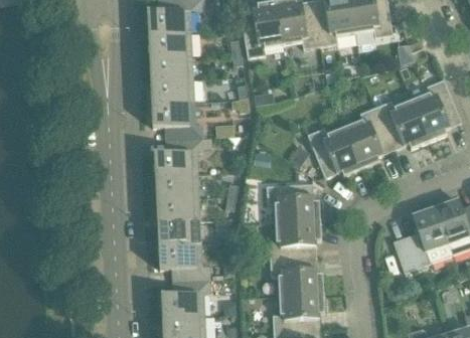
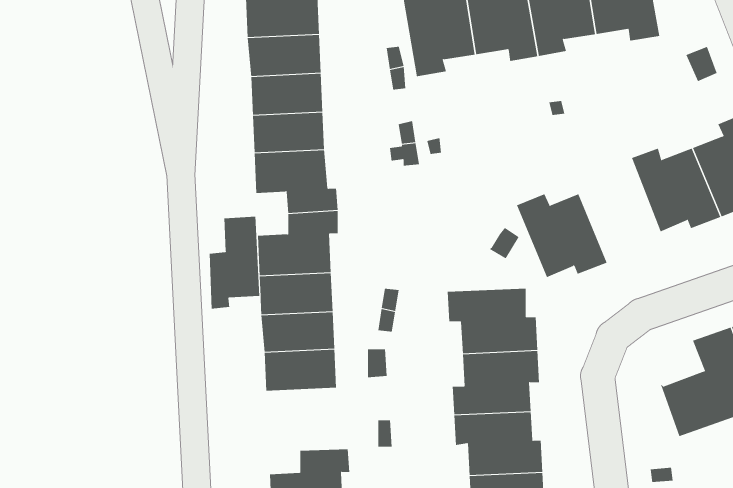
building: [344,107,393,169] -> none
building: none -> [209,216,260,310]
building: [158,243,207,281] -> none

